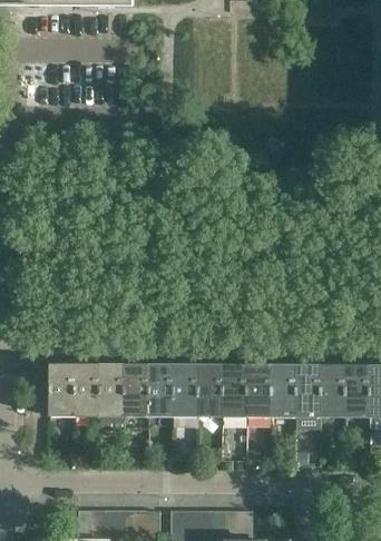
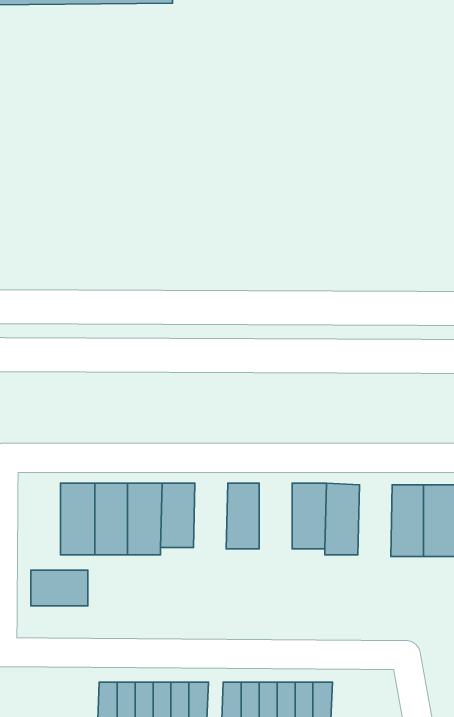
building: [149,364,175,417] -> none
building: [198,364,223,417] -> none
building: [272,365,297,419] -> none
building: none -> [31,570,88,606]

